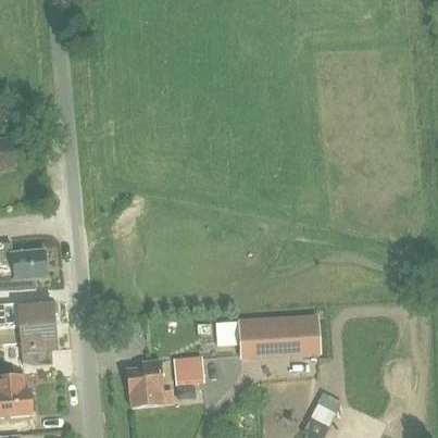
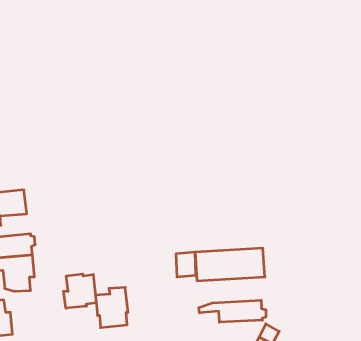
building: none -> [63,274,96,308]
building: [173,355,203,384] -> none
building: none -> [199,300,266,322]

